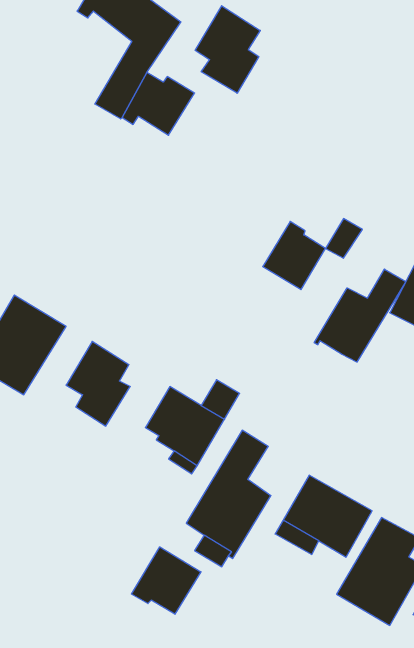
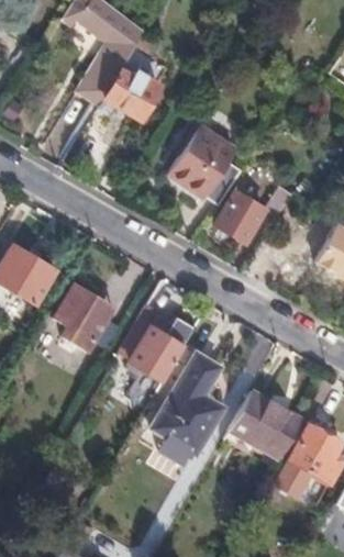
building: [195,6,260,93] -> none
building: none -> [169,126,242,203]
building: [314,269,406,362] -> none
building: [131,547,201,614] -> none

